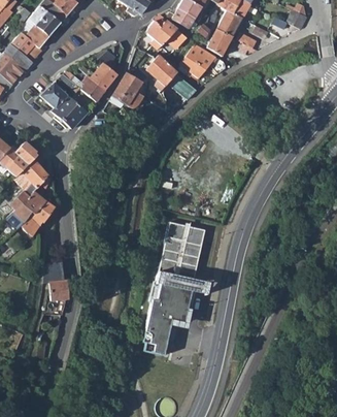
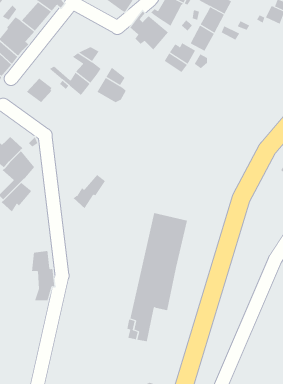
building: [145,55,195,100] -> none
building: [53,97,87,129] -> none
building: [21,200,55,236] -> [73,174,106,209]

